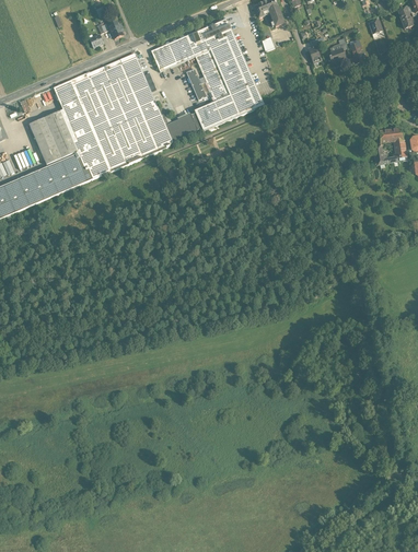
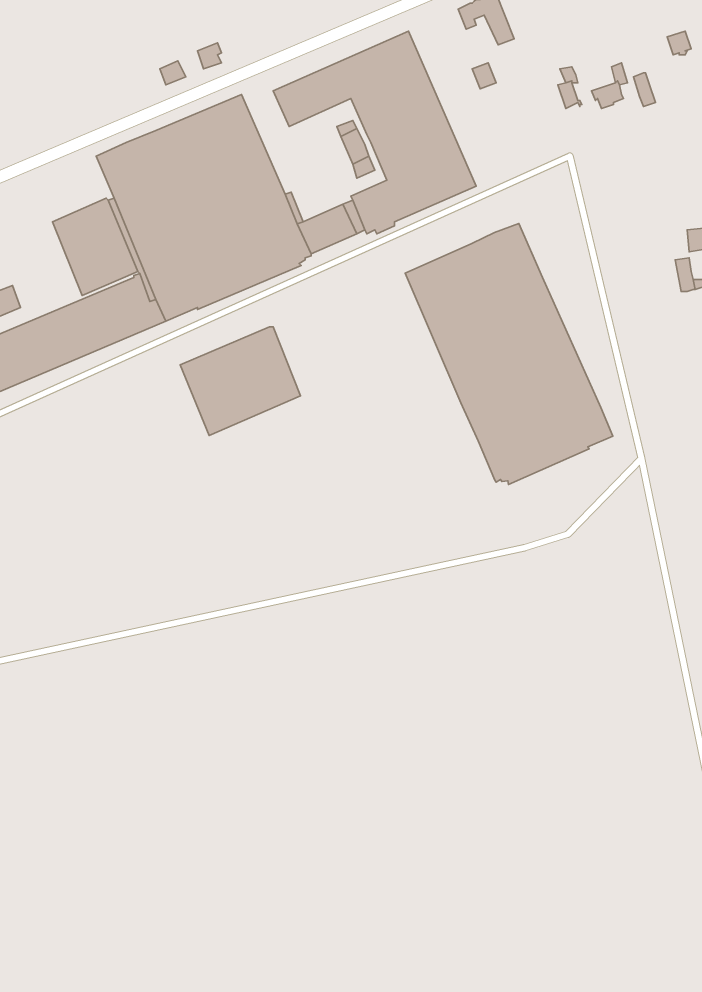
building: none -> [405,223,613,484]
building: none -> [180,327,300,435]

